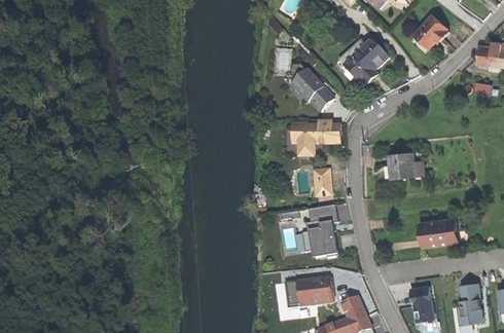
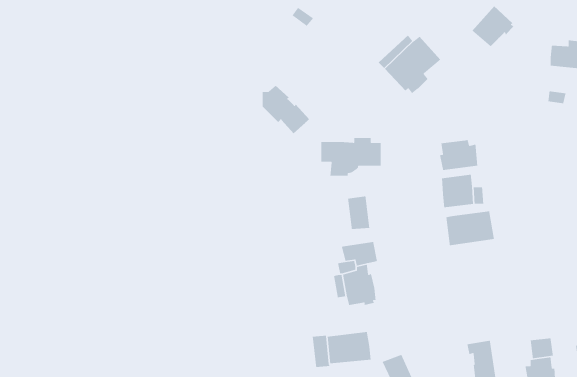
building: [294,70,333,110] -> [262,85,310,134]
building: none -> [439,139,478,171]
building: [419,218,459,247] -> [445,211,495,246]

